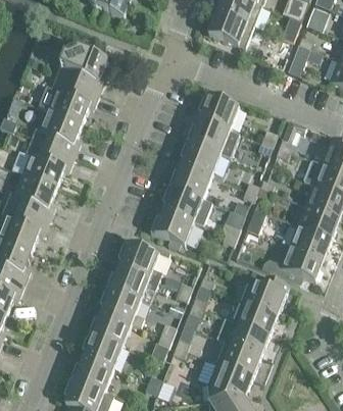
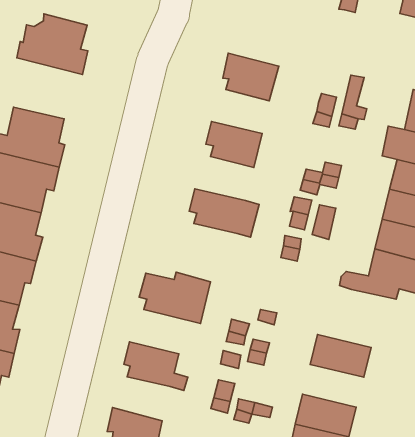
building: [47,76,99,124] -> none
building: [186,119,239,158] -> none
building: [167,165,211,200] -> none
building: [149,211,193,250] -> none
building: [106,267,158,302] -> none
building: [240,273,288,316] -> none
building: [88,313,131,348] -> none
building: [215,319,268,357] -> none

